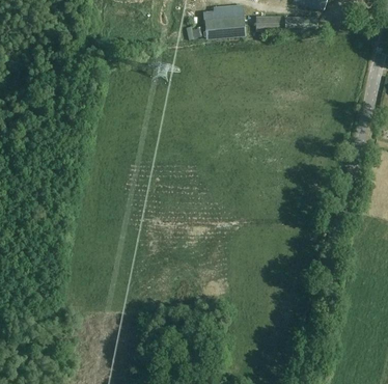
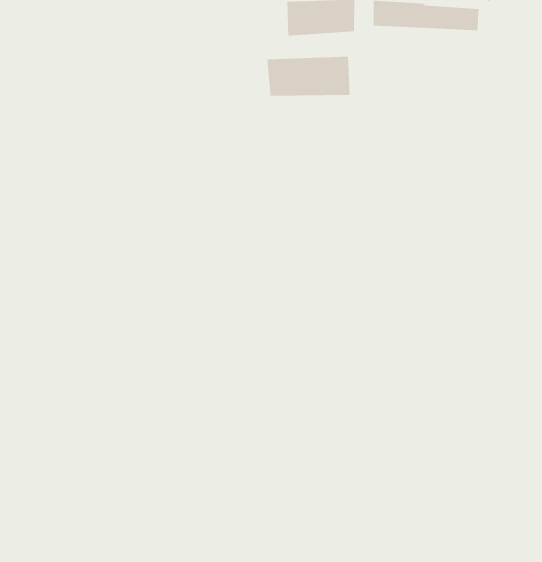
building: none -> [266,56,350,96]

